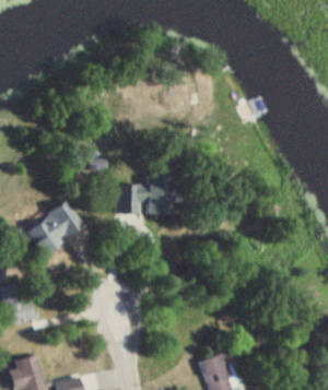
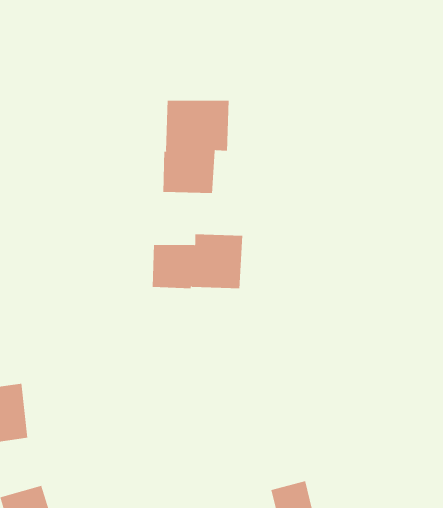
building: none -> [163,100,229,194]
building: [27,202,86,256] -> none

